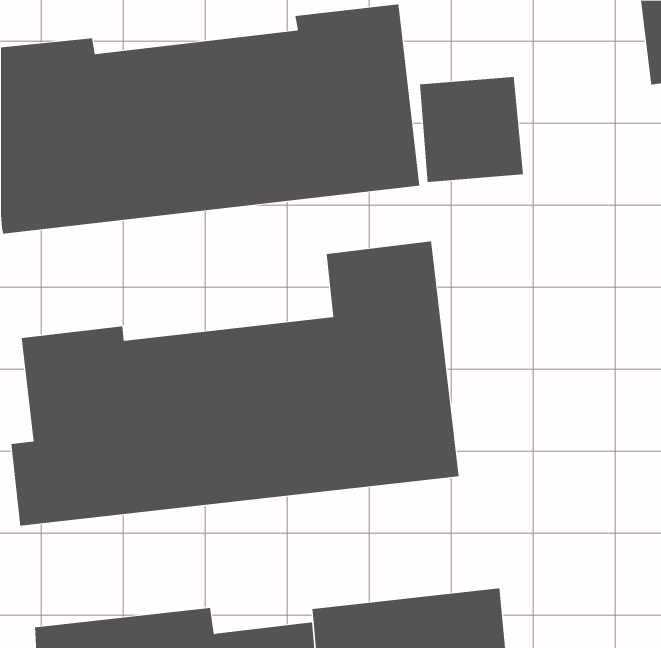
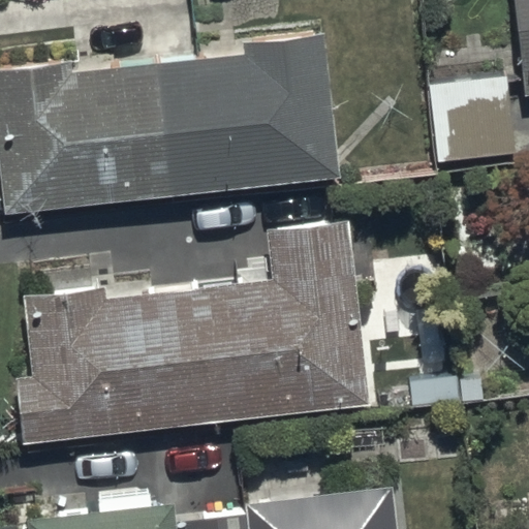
building: [419,76,524,182] -> [430,68,512,152]

